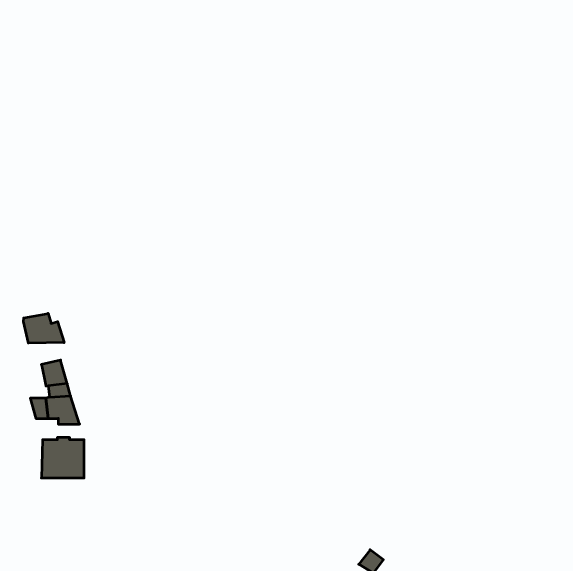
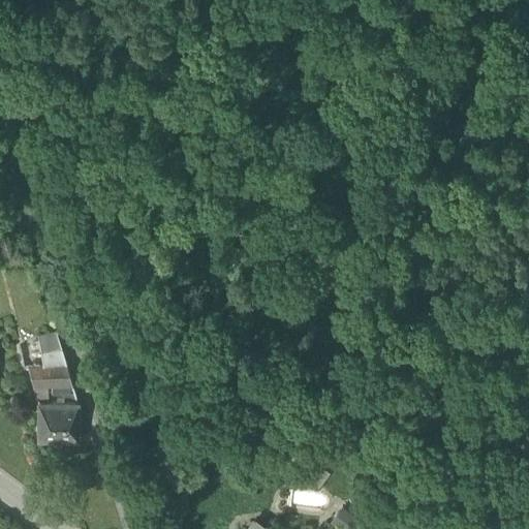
building: [23,313,64,343] -> none

